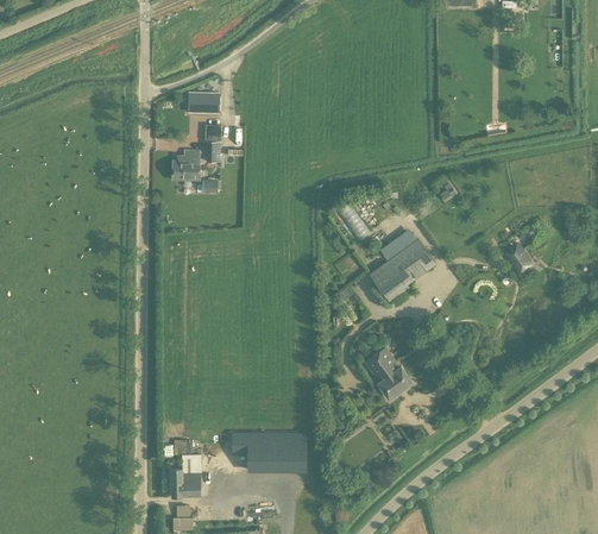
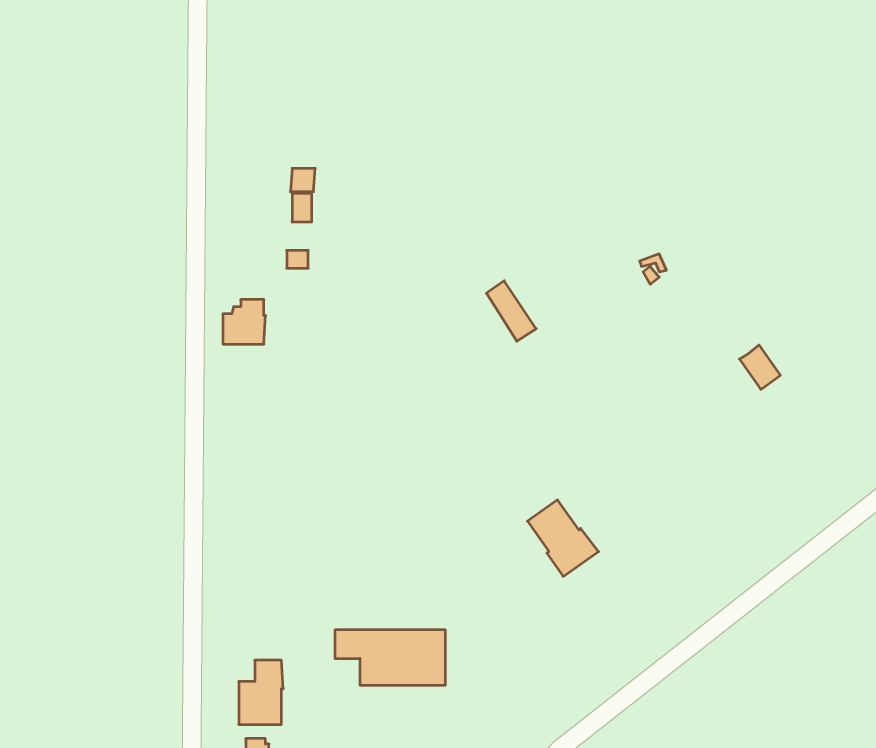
building: [188,92,220,112] -> none
building: [170,149,199,178] -> [223,300,266,344]
building: [367,237,434,300] -> none

